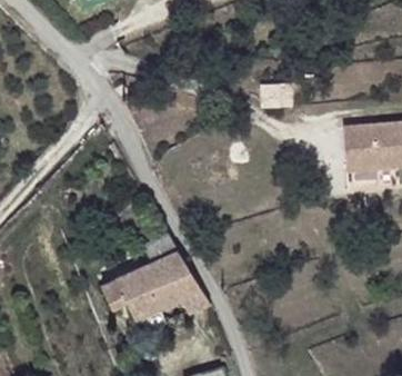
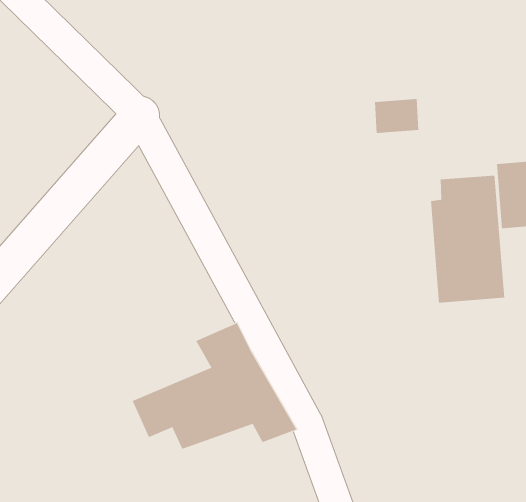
building: none -> [431,175,505,304]

